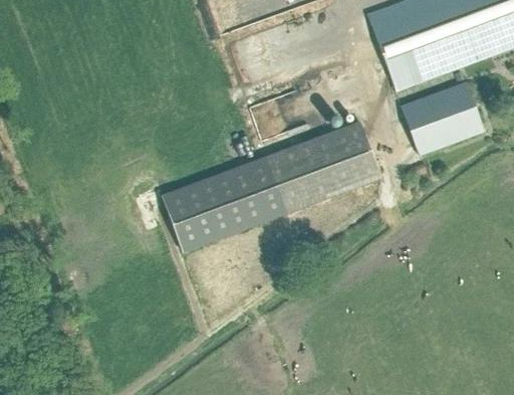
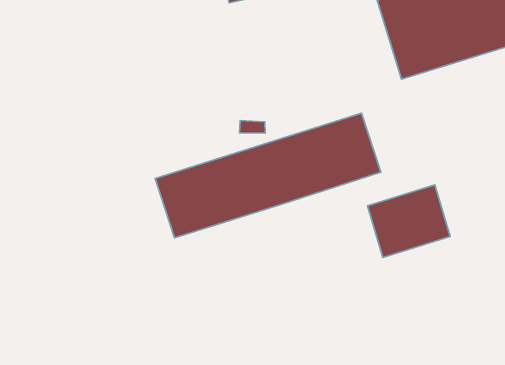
building: [402,80,484,154] -> [367,185,450,257]

